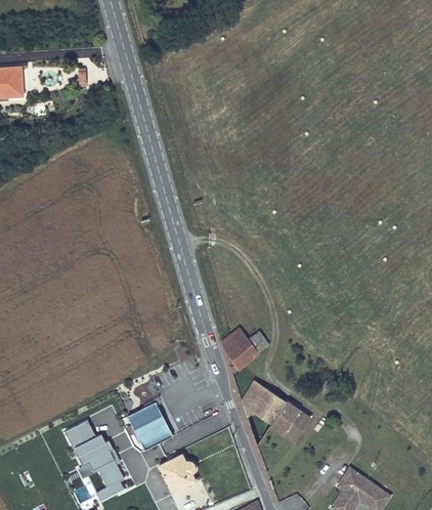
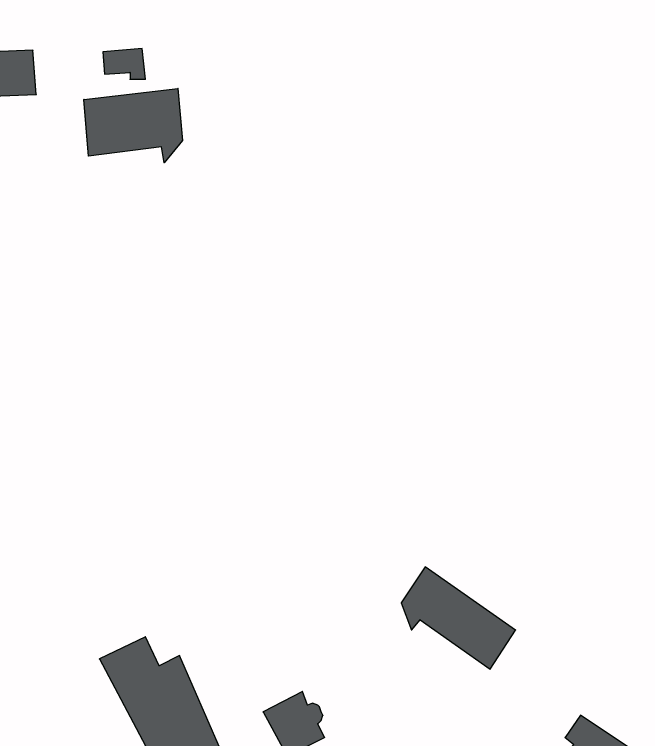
building: none -> [84,88,182,163]
building: [221,328,268,374] -> none
building: [127,402,173,451] -> none

